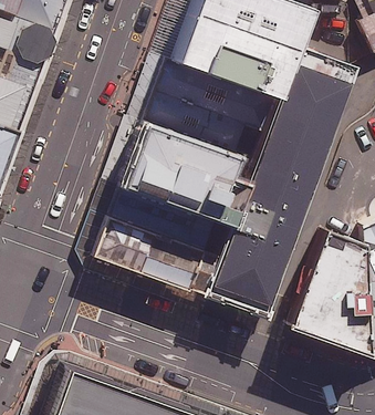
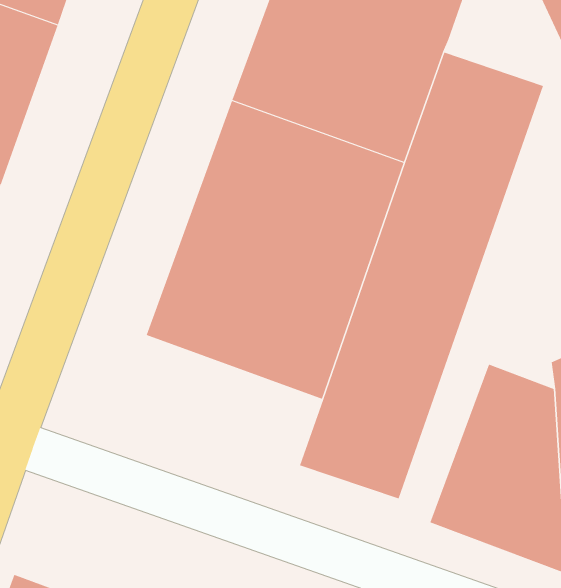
building: [95,217,220,298] -> none

